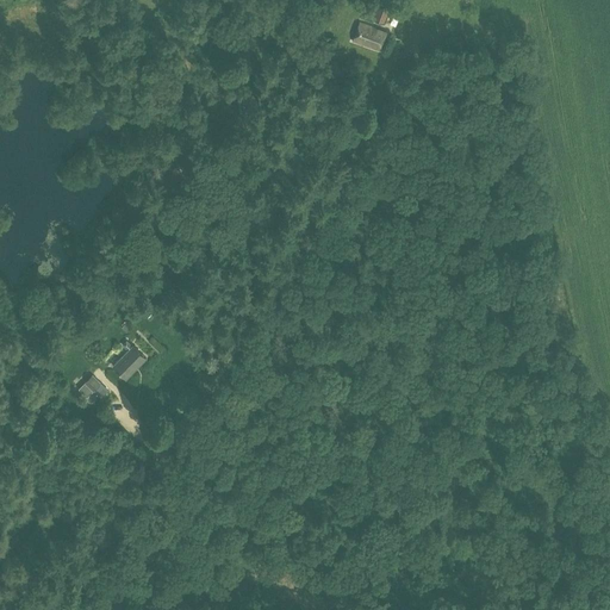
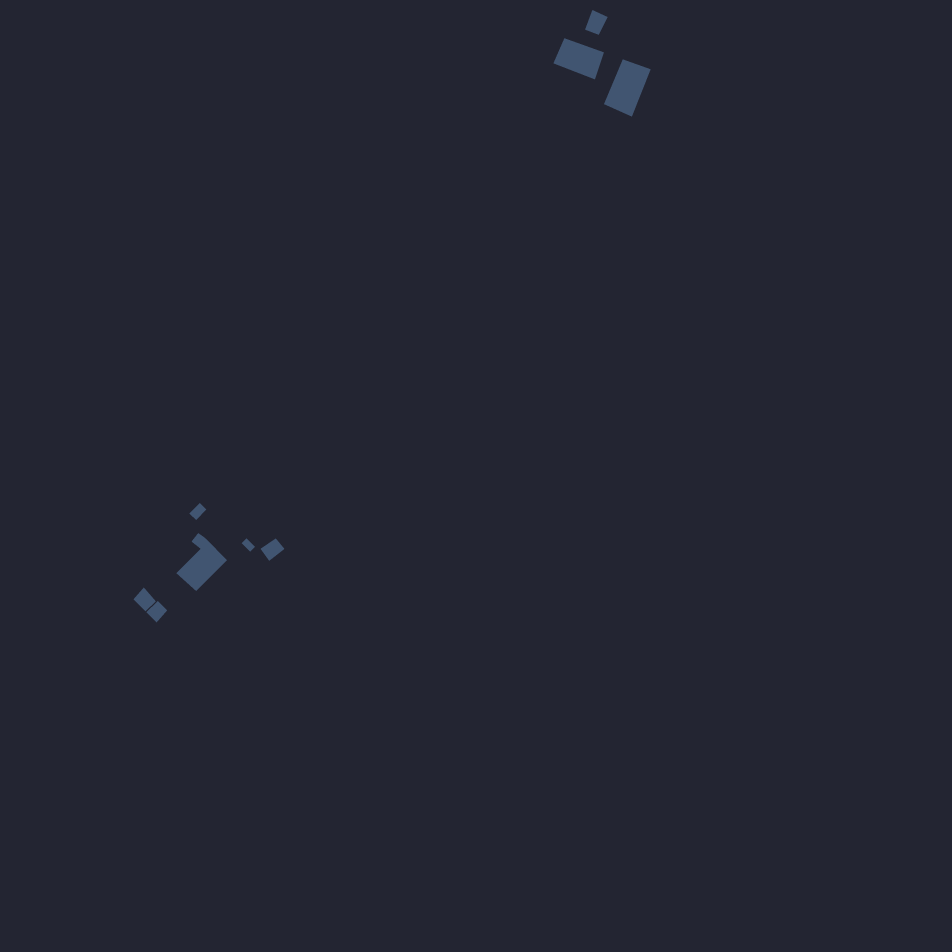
building: none -> [603,59,651,118]

